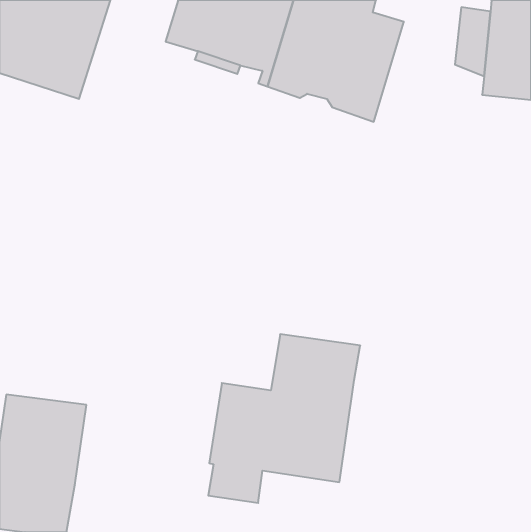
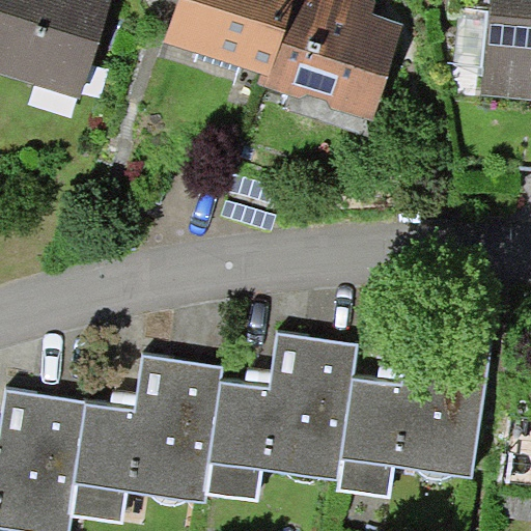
building: none -> [337,335,491,498]
building: none -> [71,357,223,524]

